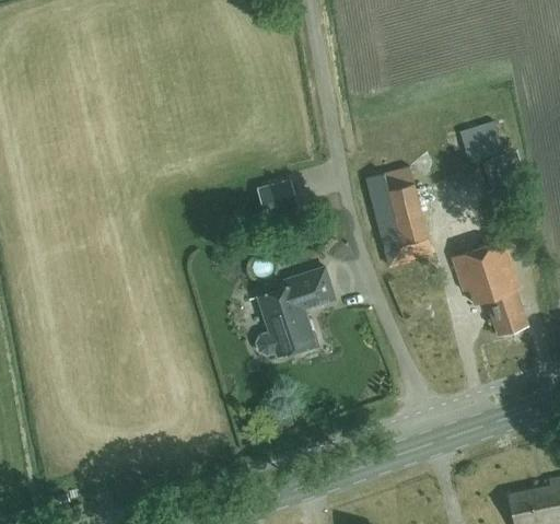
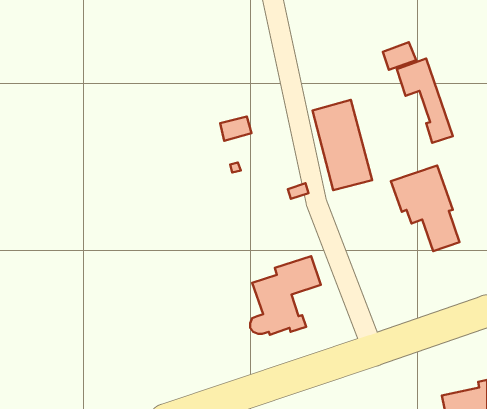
building: none -> [383,42,416,70]
building: [257,267,336,354] -> [250,256,321,335]

